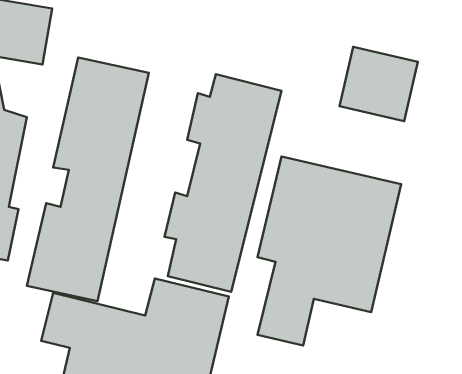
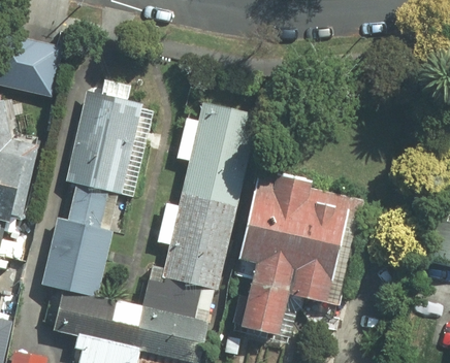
building: [339,47,418,121] -> none

